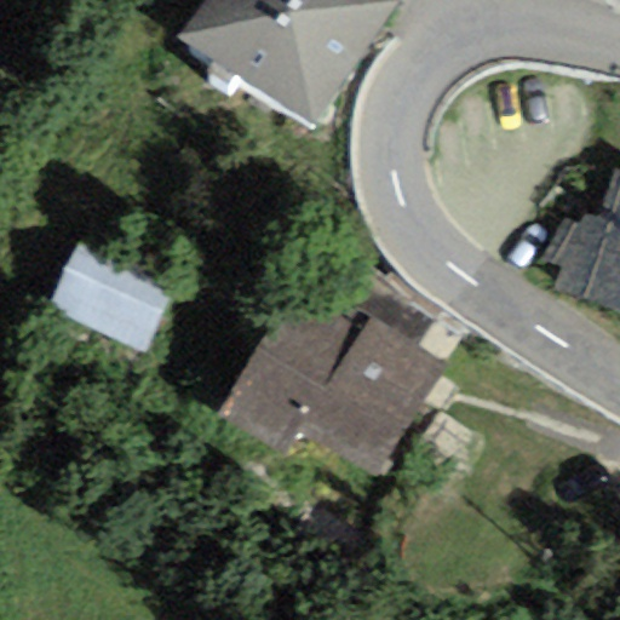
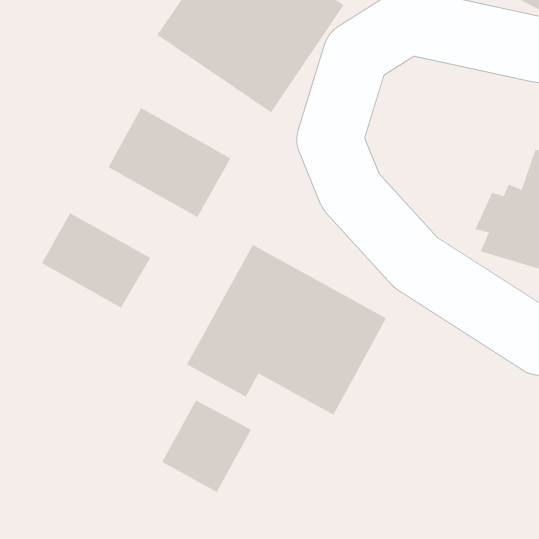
building: none -> [108,107,231,218]
building: none -> [162,400,252,493]

